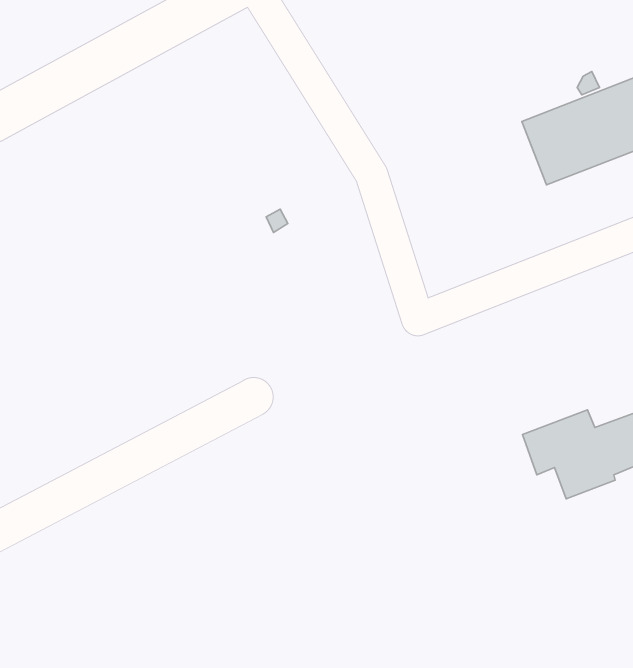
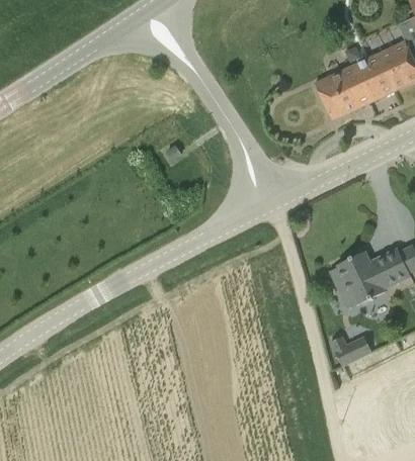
building: none -> [331,334,371,363]

